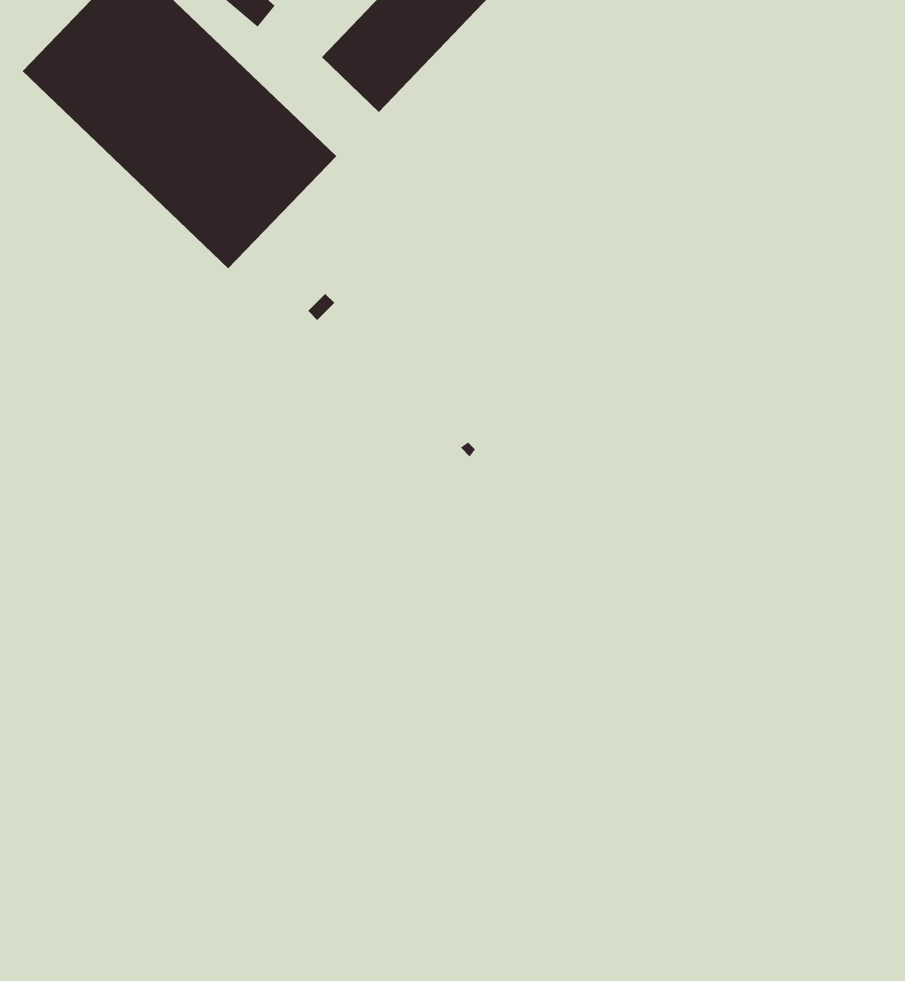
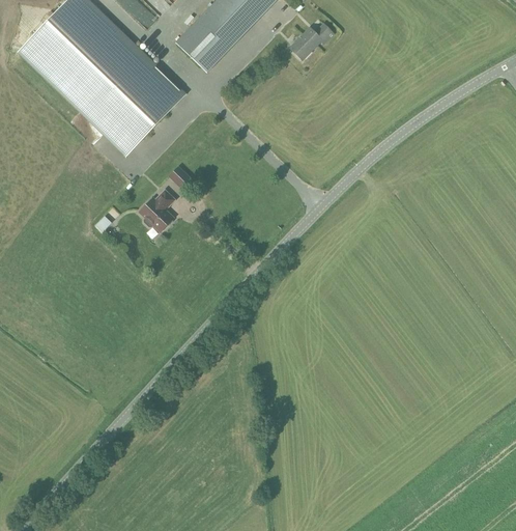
building: none -> [290,22,334,58]
building: none -> [140,188,175,230]

